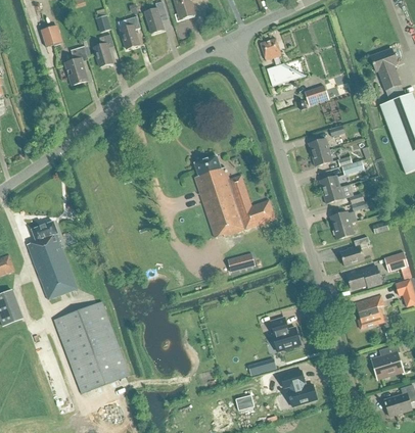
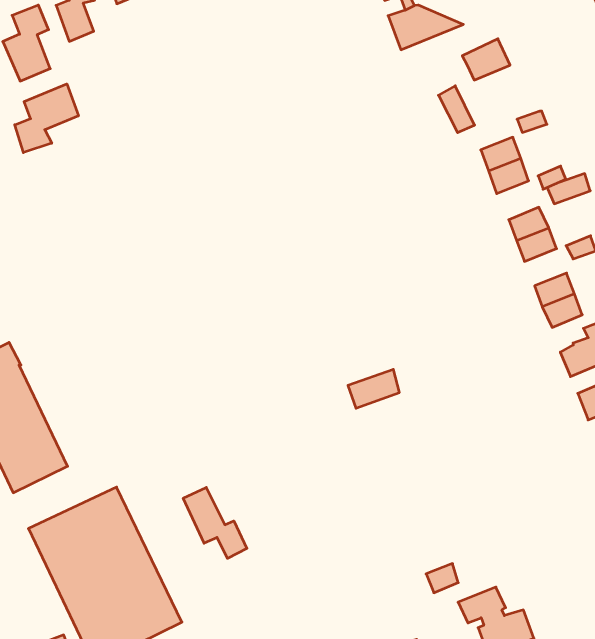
building: none -> [15,84,78,153]
building: [194,155,276,237] -> none
building: none -> [183,487,247,558]
building: [271,312,302,345] -> none

